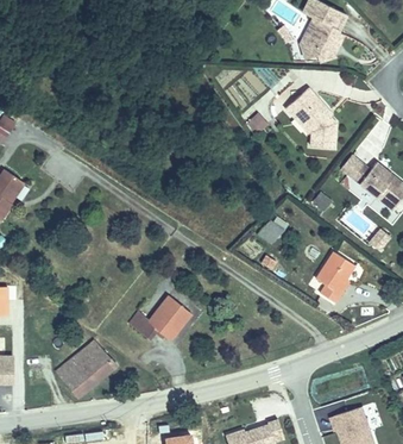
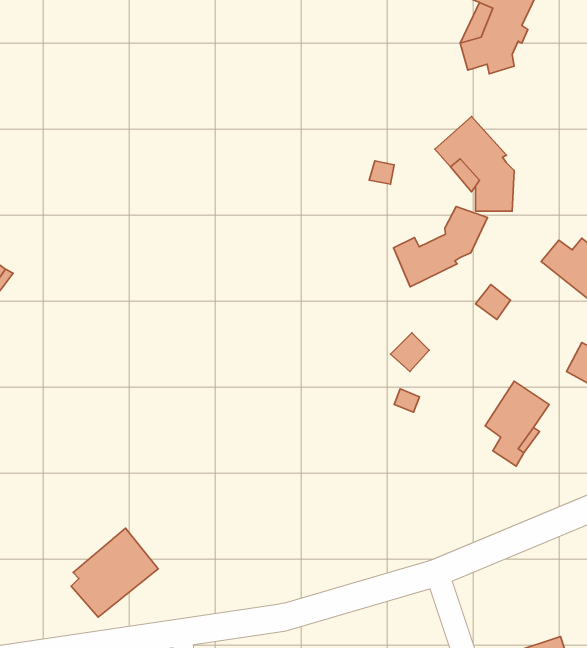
building: none -> [393,207,488,287]
building: [128,295,188,338] -> none

